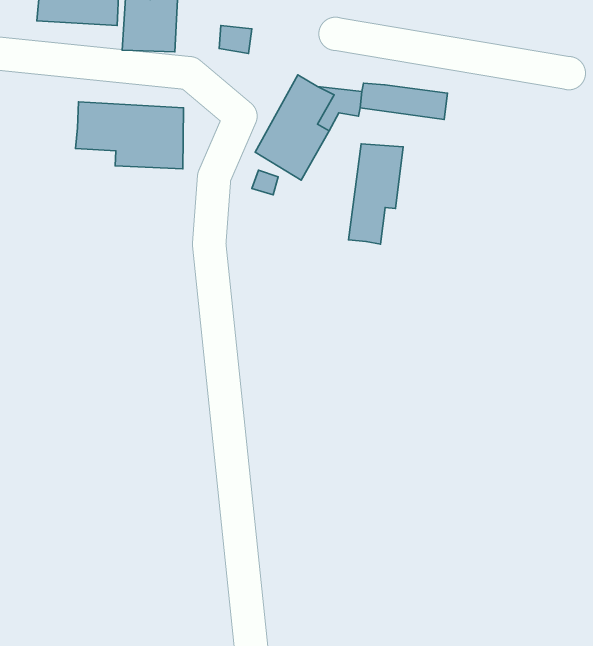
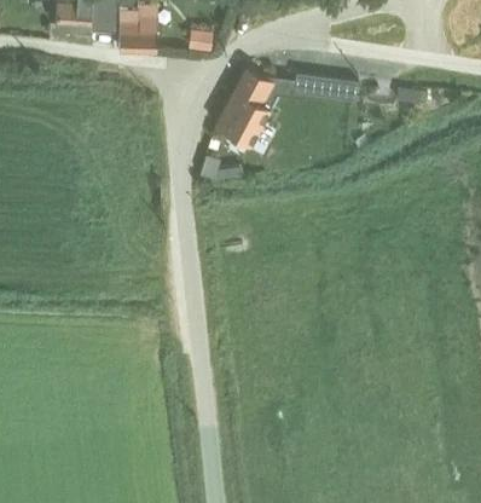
building: [76,102,184,169] -> none
building: [349,144,403,244] -> none

